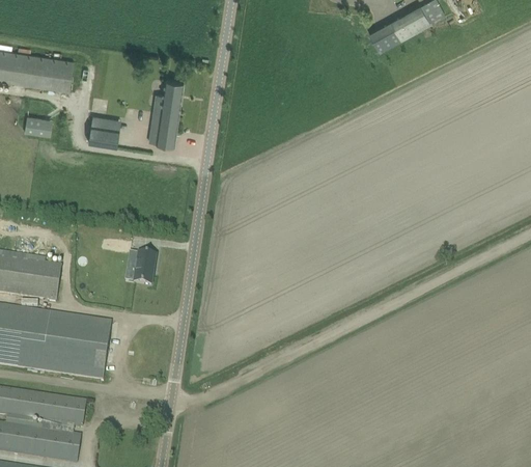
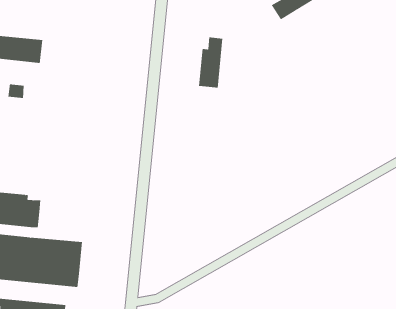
building: [148,76,184,142] -> [198,37,223,88]
building: [88,121,119,143] -> none
building: [133,251,155,284] -> none

